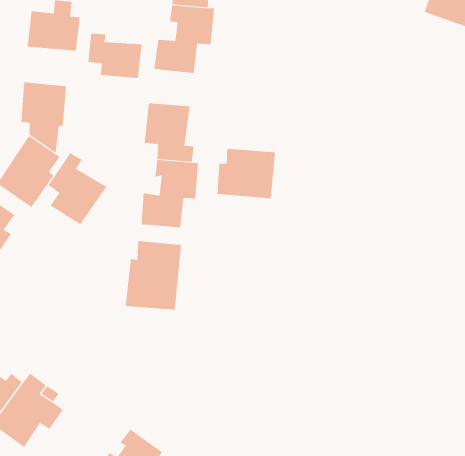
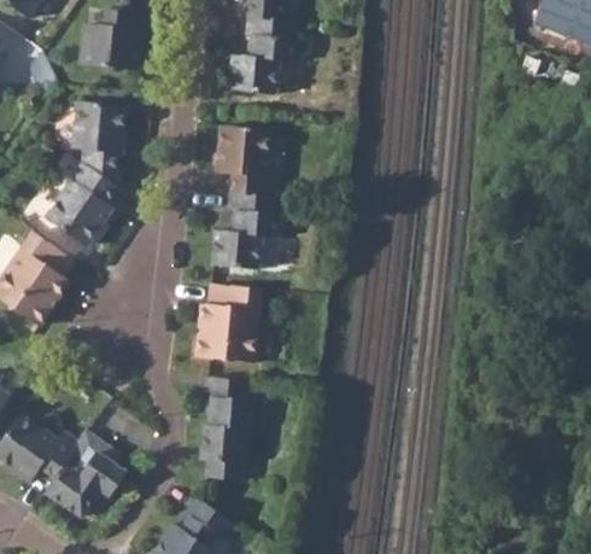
building: [88,33,142,79] -> none
building: [217,148,275,199] -> none
building: [48,152,107,225] -> none
building: none -> [201,375,254,480]

